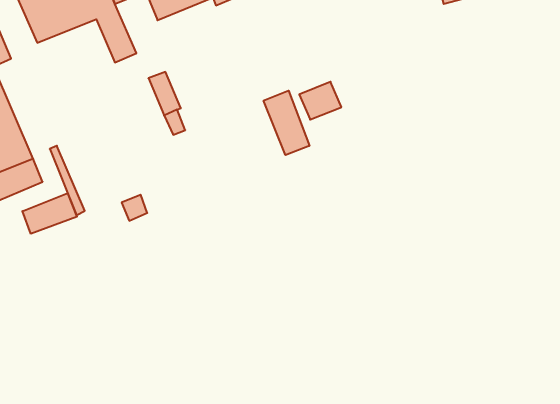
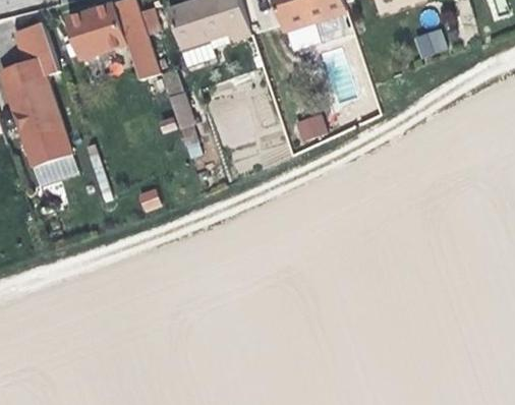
building: [264,91,309,155] -> none
building: [22,193,77,234] -> none

